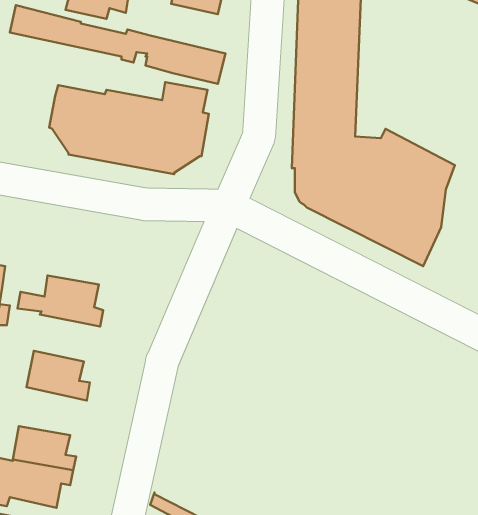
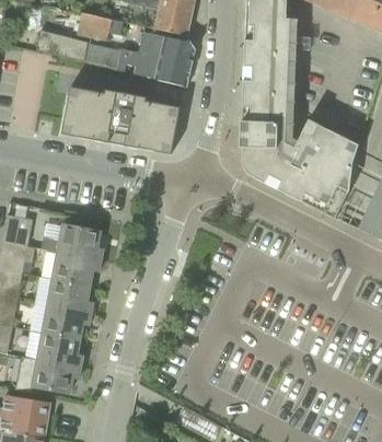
building: none -> [137,31,195,63]
building: none -> [53,253,101,287]
building: none -> [42,305,91,340]

